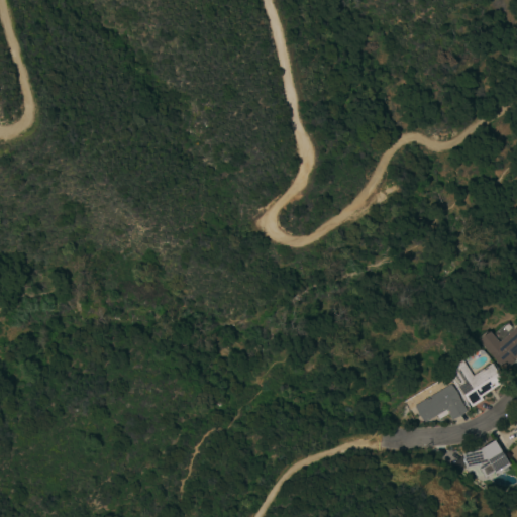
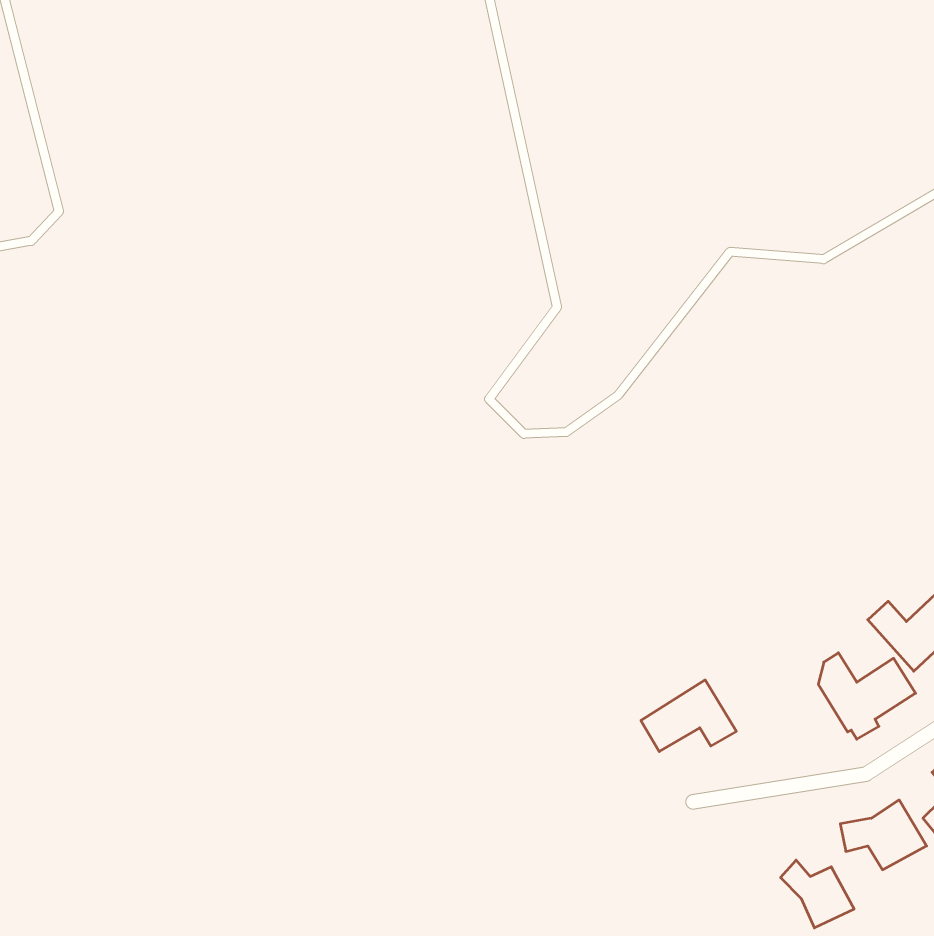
building: [416,383,469,422] -> [641,680,736,752]
building: none -> [781,860,854,928]

